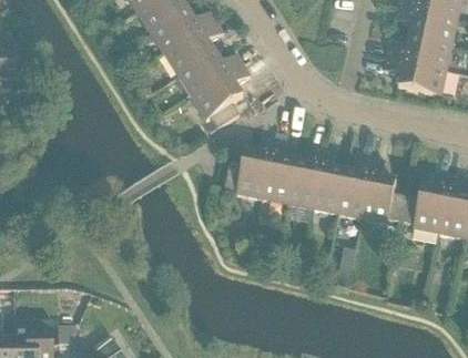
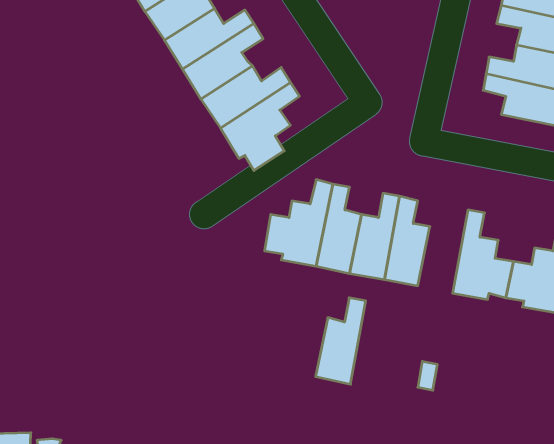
building: [337,155,374,218] -> [316,298,366,384]

